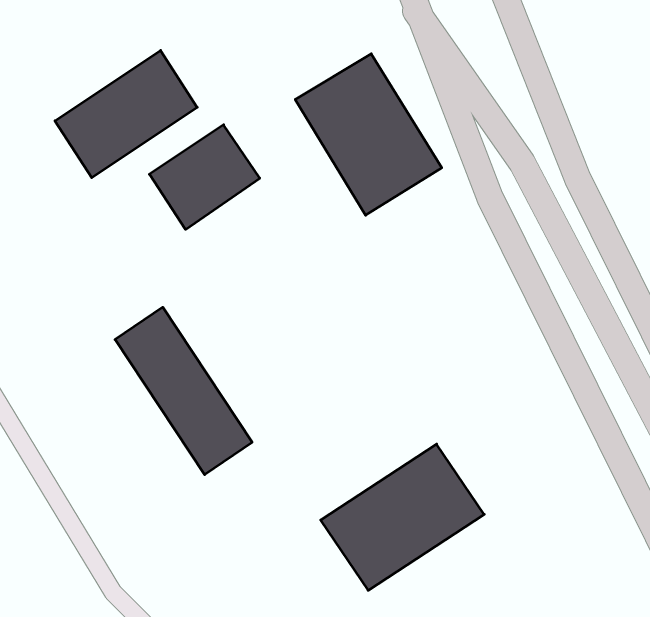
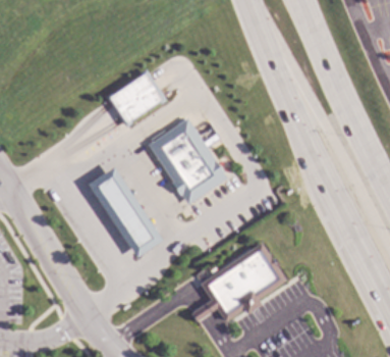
building: [55,50,197,178] -> none
building: [295,54,442,215] -> [148,119,226,206]

